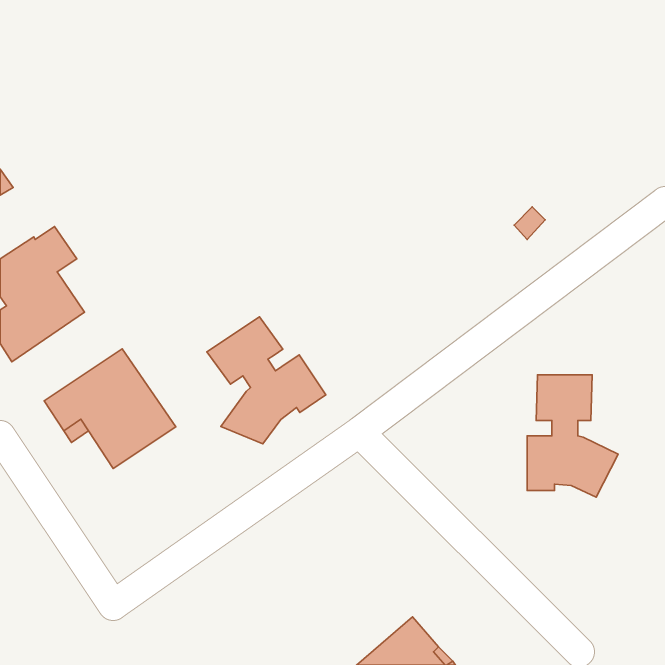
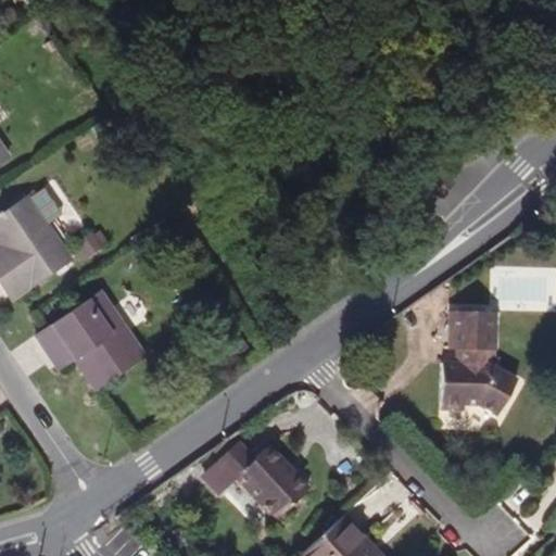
building: [207,317,326,444] -> none
building: none -> [204,442,308,520]

